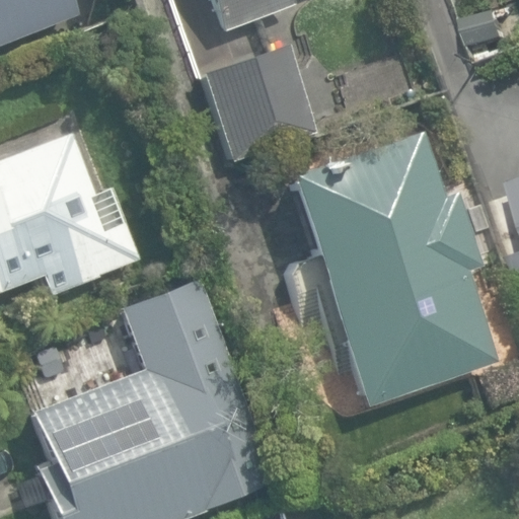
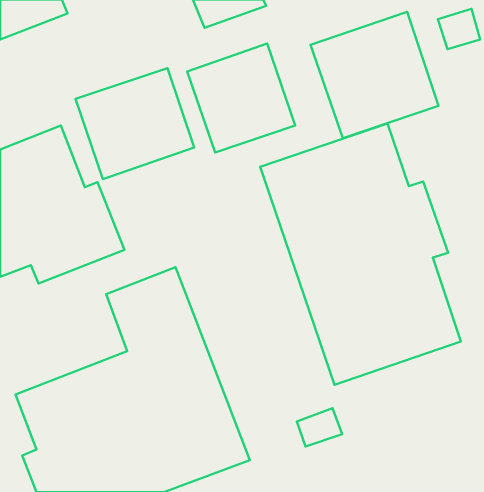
building: none -> [311,12,438,138]
building: none -> [75,68,194,179]

